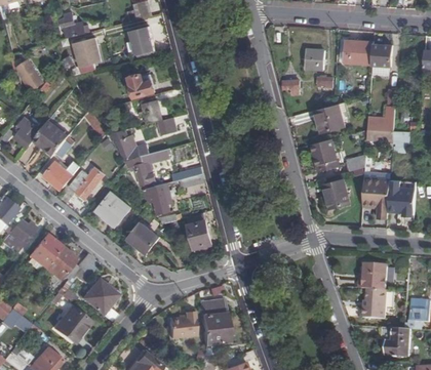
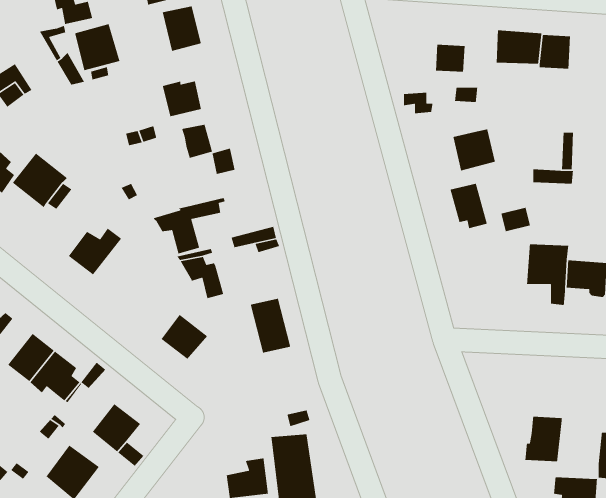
building: [110,129,147,160] -> none
building: [43,162,72,191] -> none
building: [323,181,348,207] -> none
building: [95,193,129,227] -> none
building: [357,262,386,290] -> none

